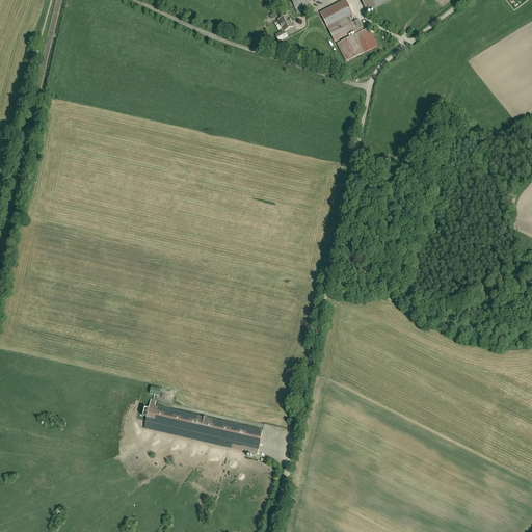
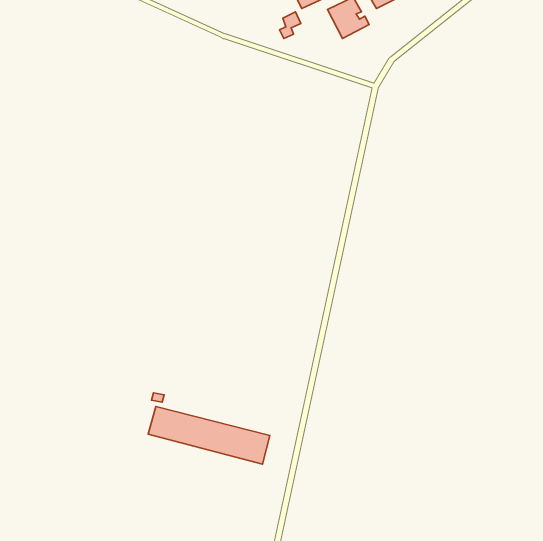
building: [335,24,377,58] -> none

